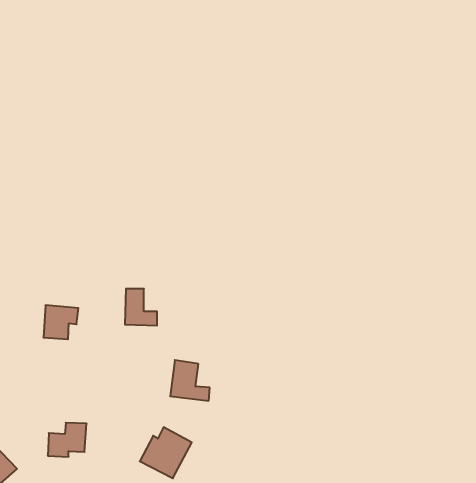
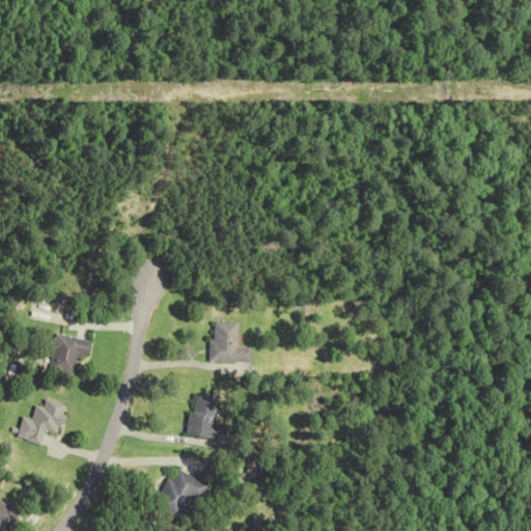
building: [125,289,157,326] -> [215,323,250,363]
building: [48,423,87,457] -> [21,401,63,439]

